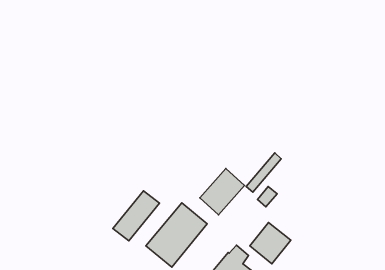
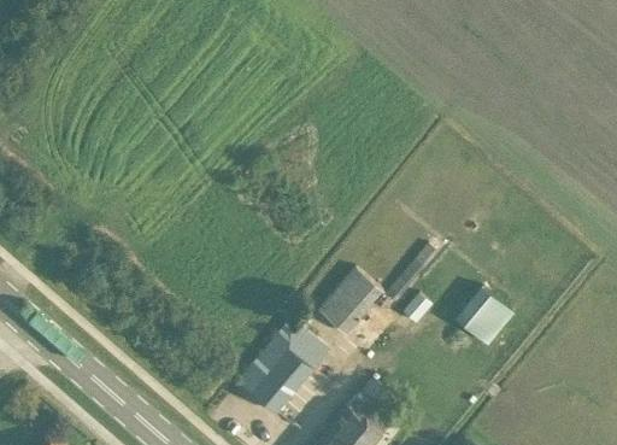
building: [113,191,159,241] -> none
building: [250,222,291,264] -> [451,287,511,349]

